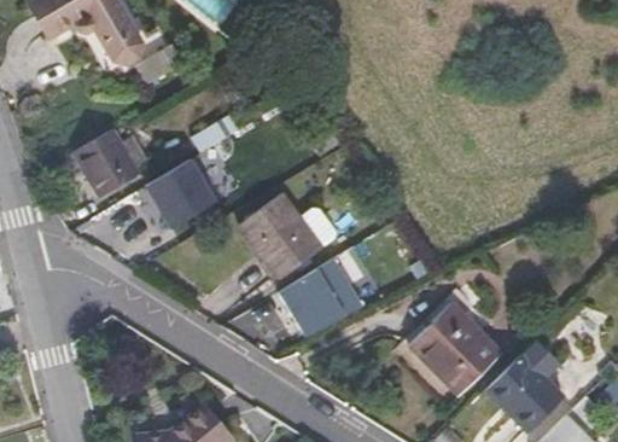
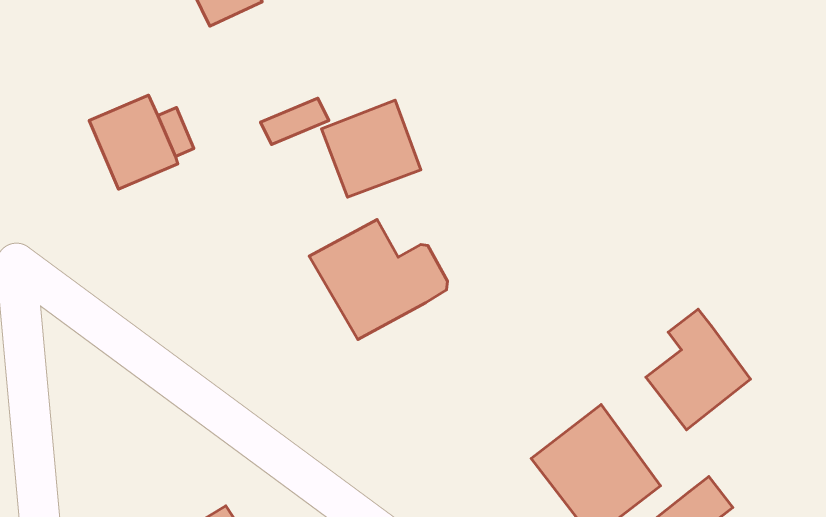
building: [140,156,212,227] -> [321,100,421,197]
building: none -> [646,309,751,430]
building: [275,258,360,336] -> none

